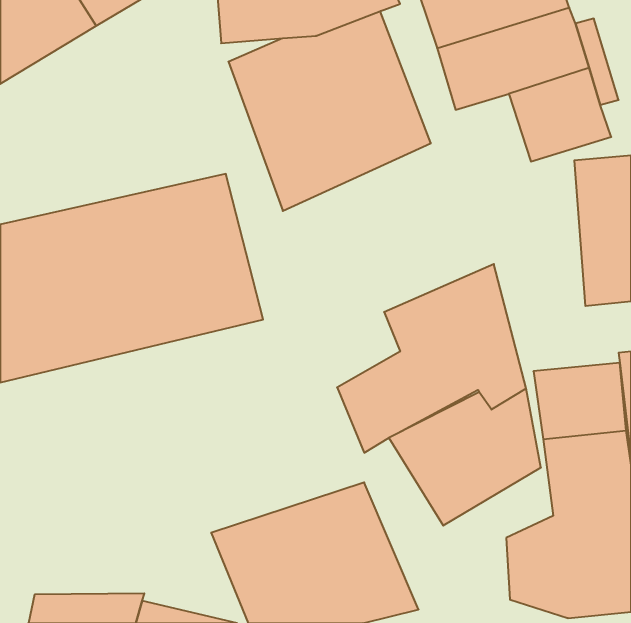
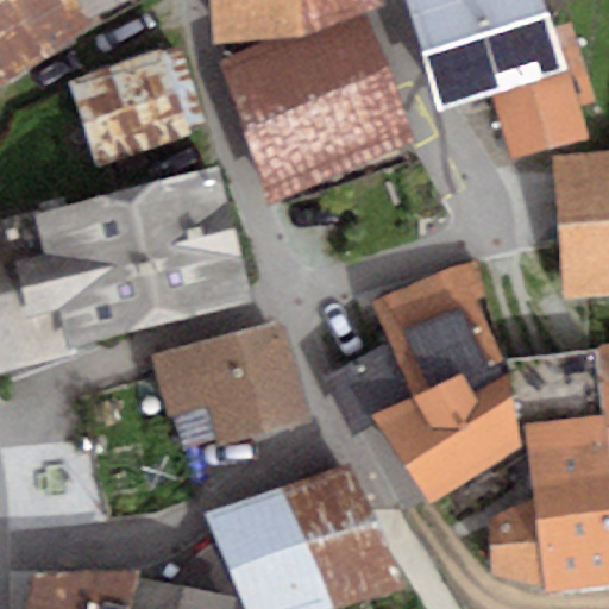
building: none -> [62,42,202,164]
building: none -> [149,321,312,452]

